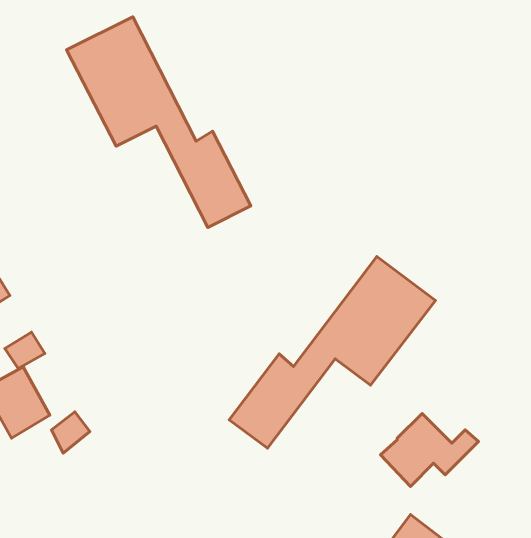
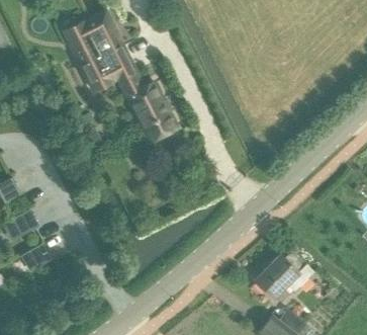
building: [229,256,436,448] -> none

